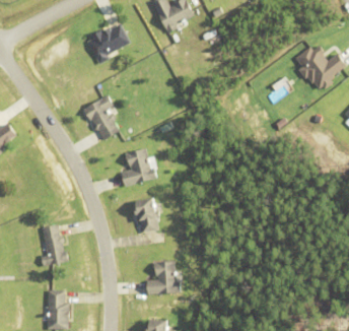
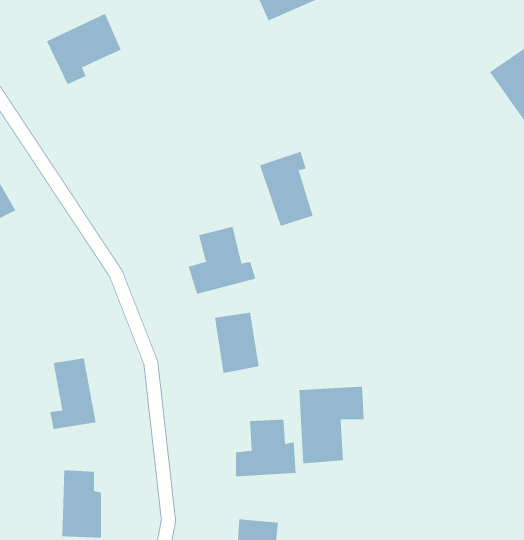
building: [85,22,129,64] -> [46,13,121,85]
building: [85,96,117,140] -> [259,151,314,226]
building: none -> [299,386,364,464]

